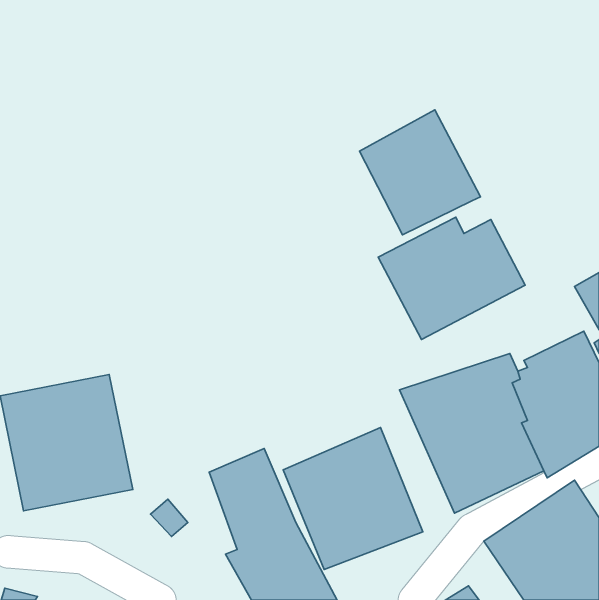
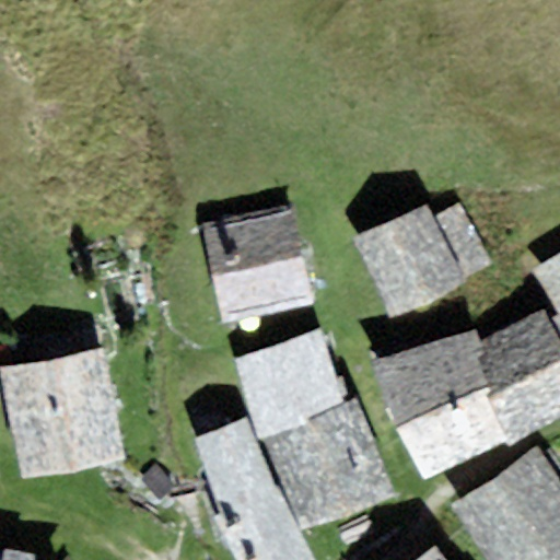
building: [359,110,480,235] -> none
building: none -> [203,205,315,322]
building: none -> [233,327,345,440]

